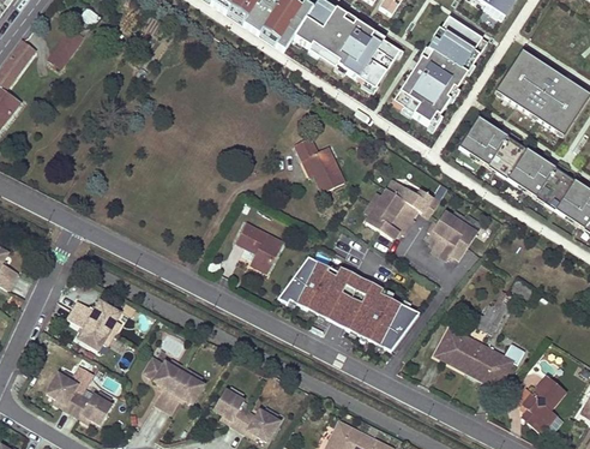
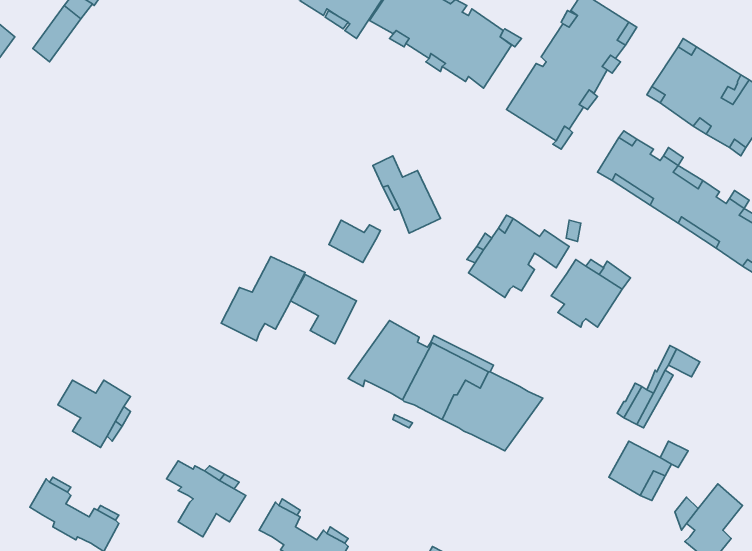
building: none -> [329,220,381,263]
building: none -> [221,257,305,341]
building: [437,327,482,370] -> none

